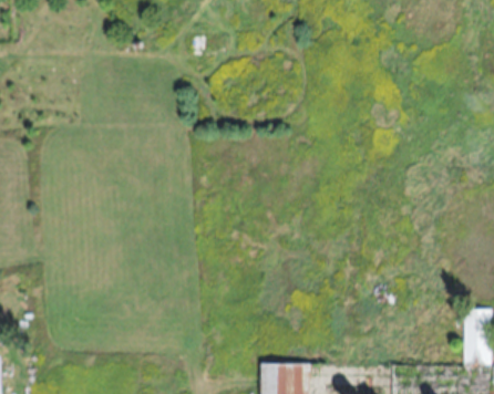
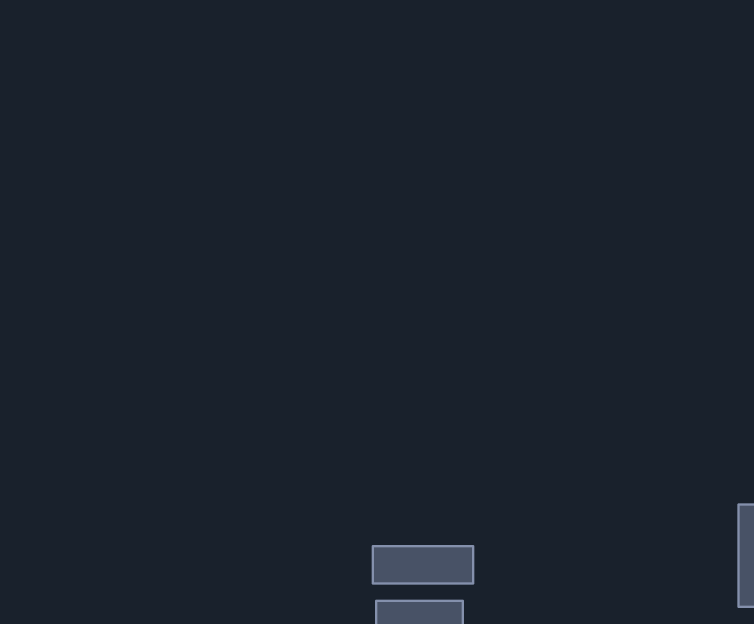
building: none -> [373,546,473,583]

